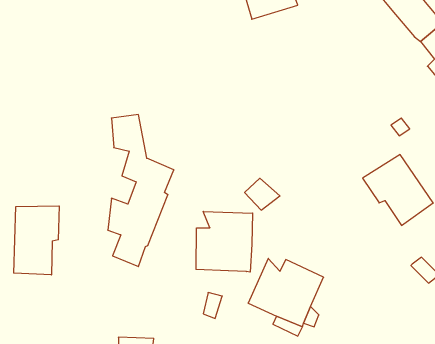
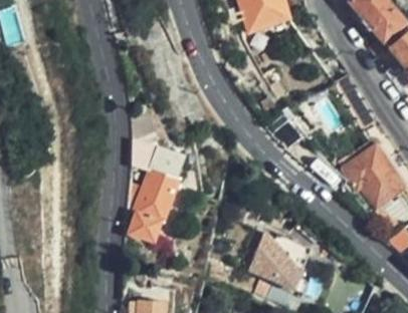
building: [14,206,59,275] -> none
building: [196,211,253,272] -> none

